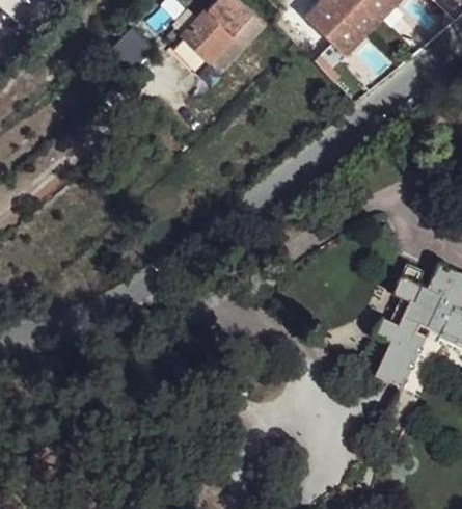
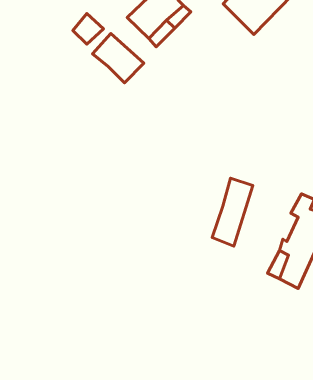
building: none -> [92,33,144,83]
building: none -> [212,178,253,246]

